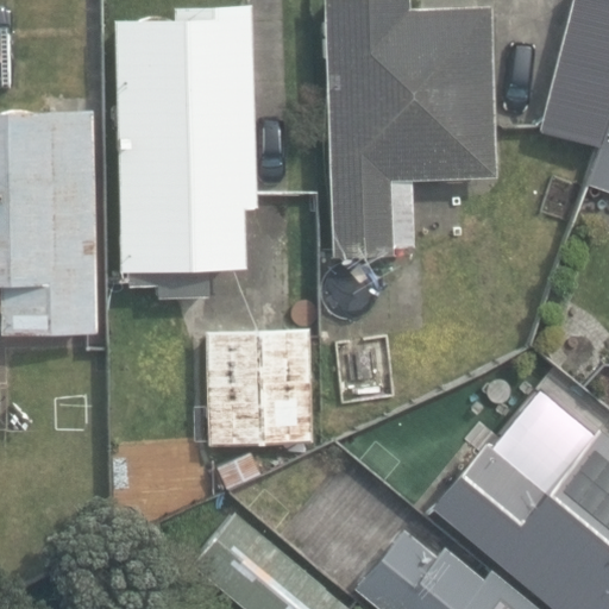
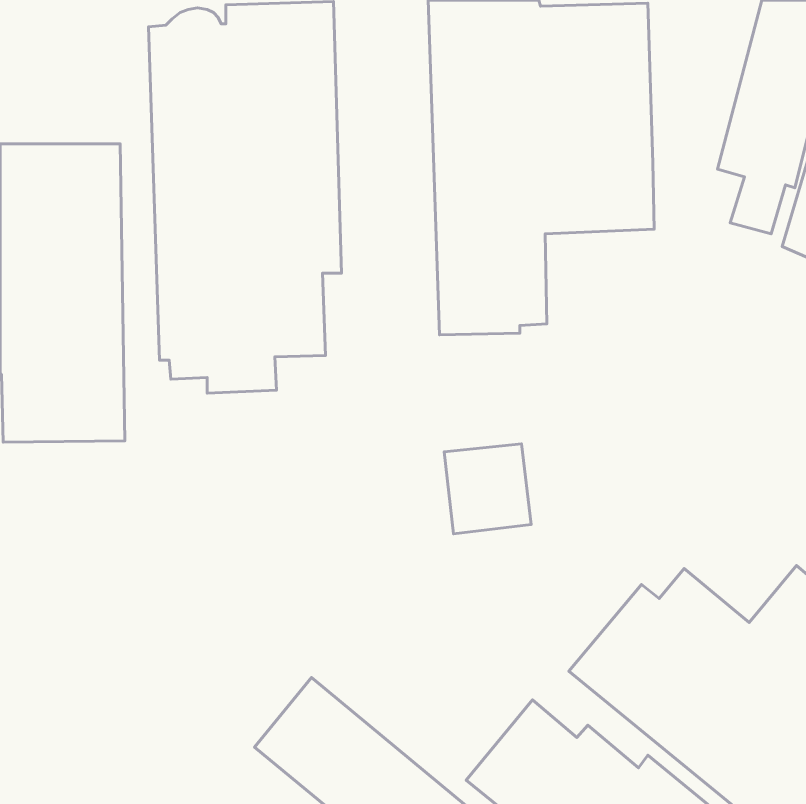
building: [207,329,313,444] -> none

